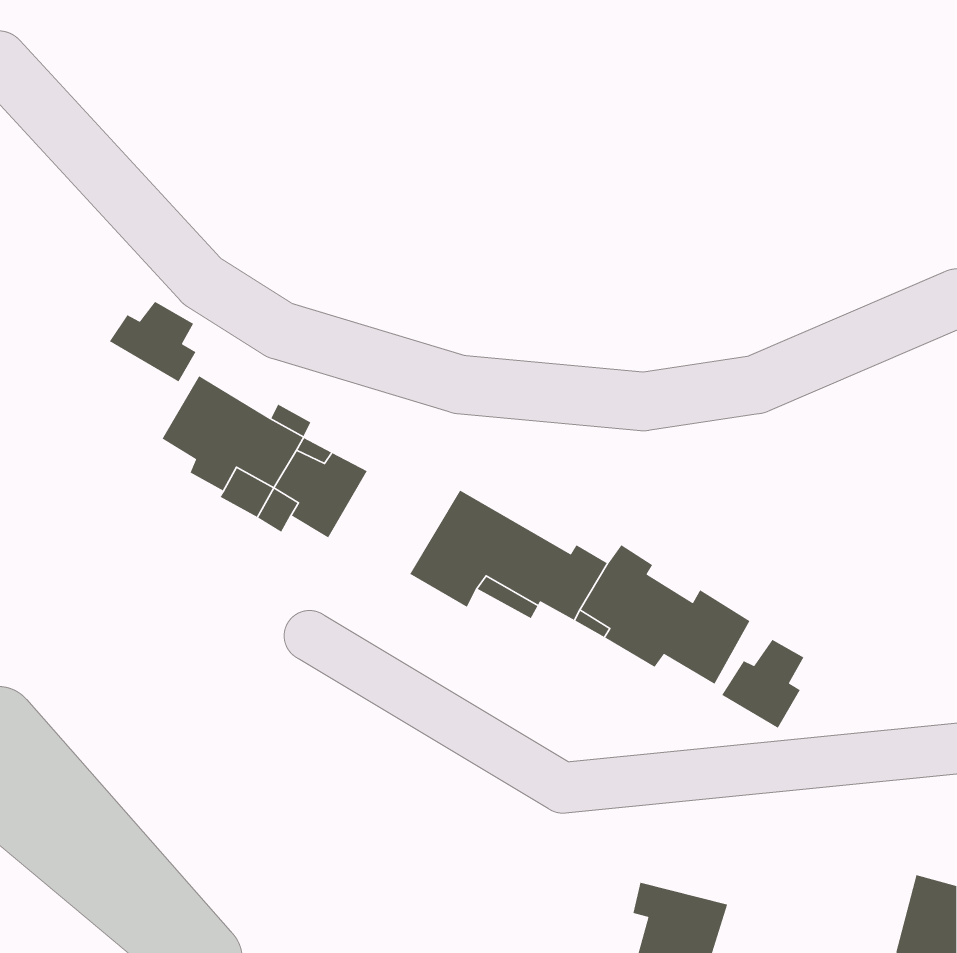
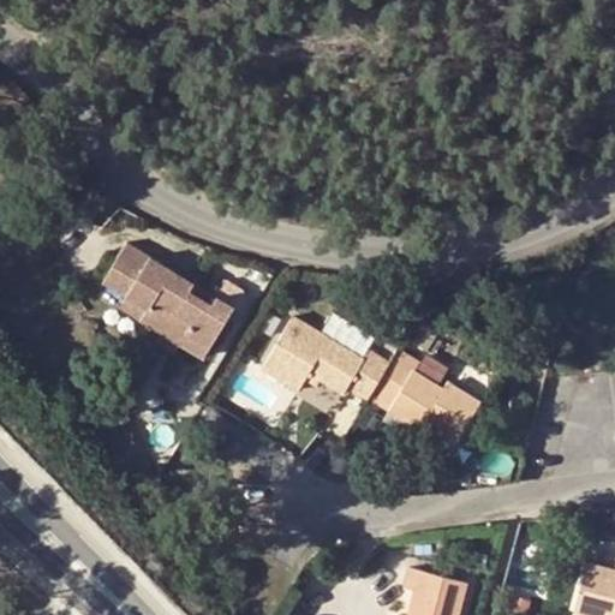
building: [109,301,196,383] -> none
building: [721,639,804,729] -> none

